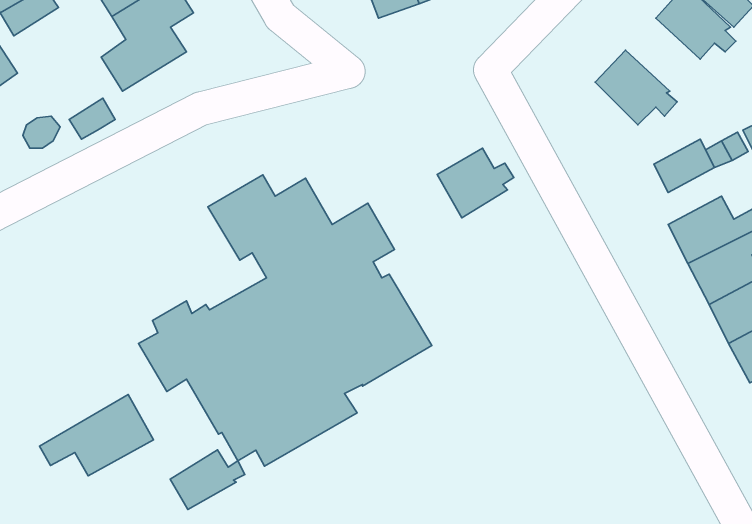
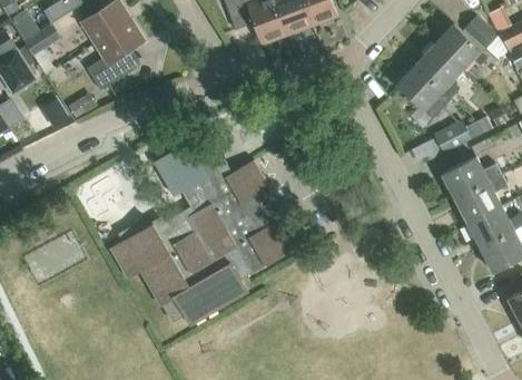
building: none -> [415,45,462,97]
building: [437,148,514,218] -> none
building: [39,394,154,476] -> none
building: [170,450,245,509] -> none

